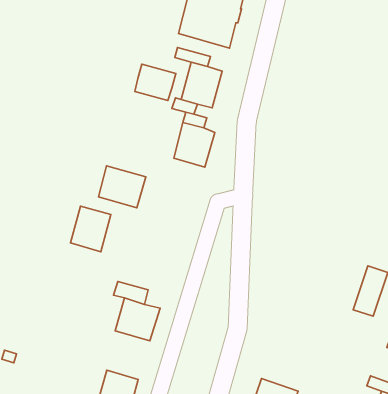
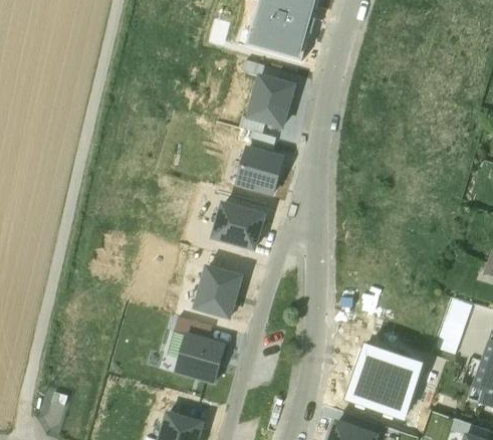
building: [135,64,176,101] -> none
building: [98,166,146,208] -> [211,202,263,248]
building: [71,206,111,252] -> [196,266,240,316]
building: none -> [343,343,423,419]

